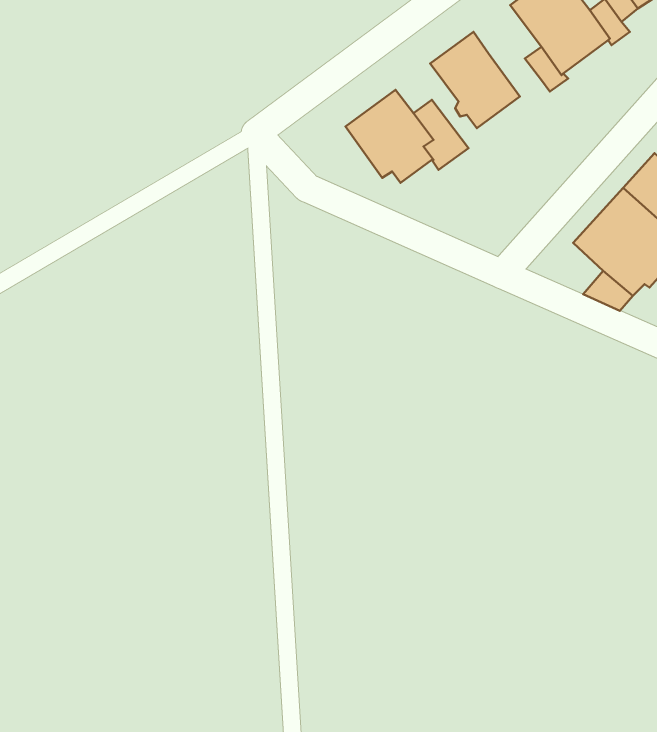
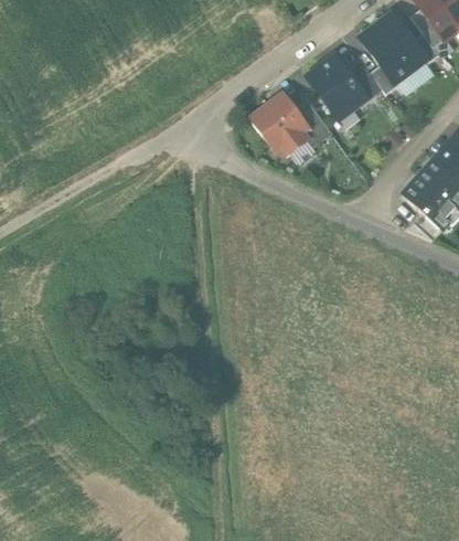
building: none -> [346,57,382,97]

